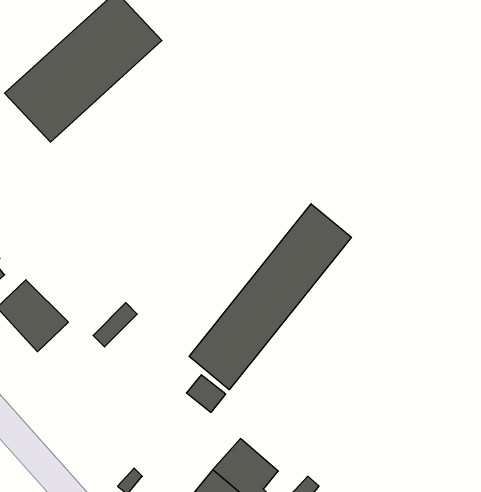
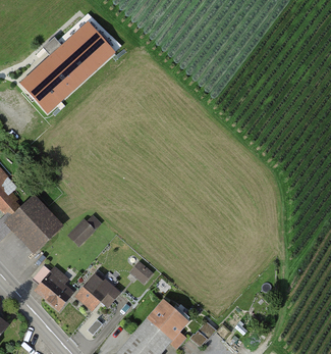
building: [189,204,351,390] -> none
building: none -> [34,265,73,309]
building: none -> [75,271,120,309]

